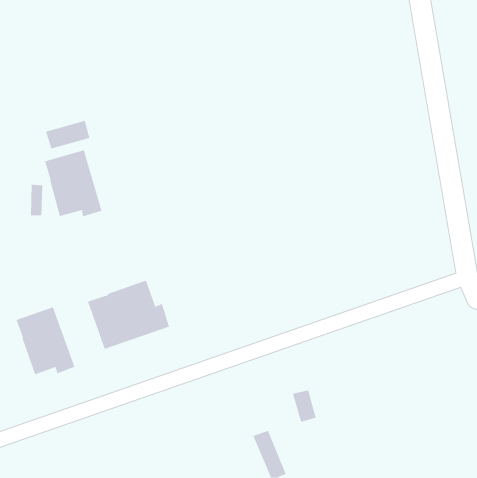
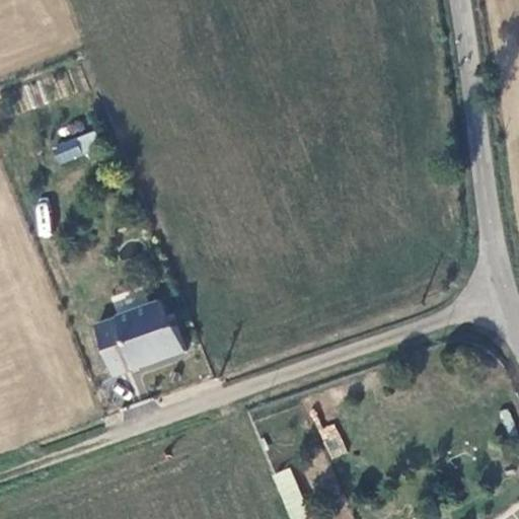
building: [45,150,102,217] -> none
building: [16,306,75,375] -> none

